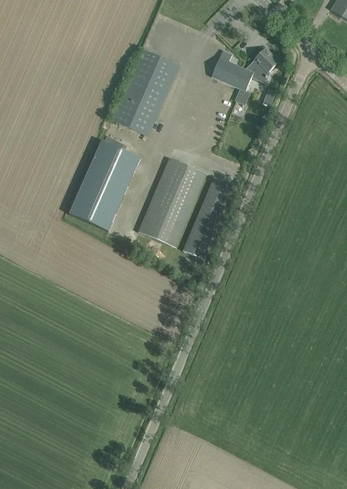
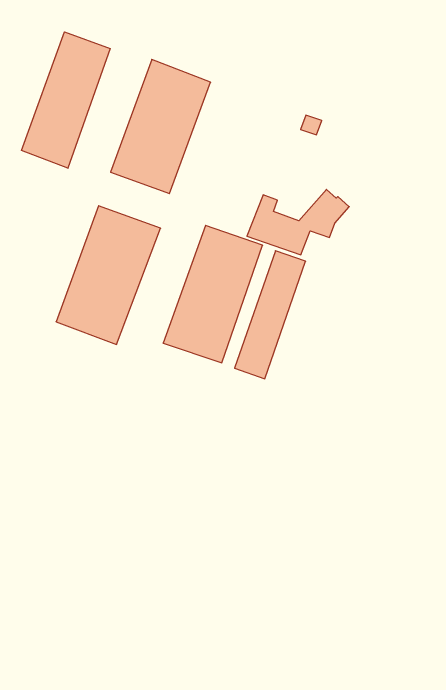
building: none -> [21,32,110,168]
building: [211,49,278,90] -> [247,189,349,255]

